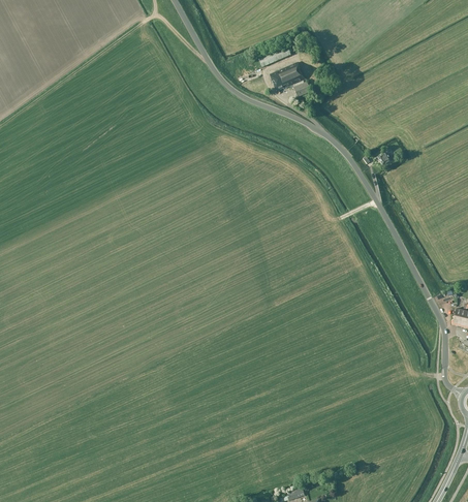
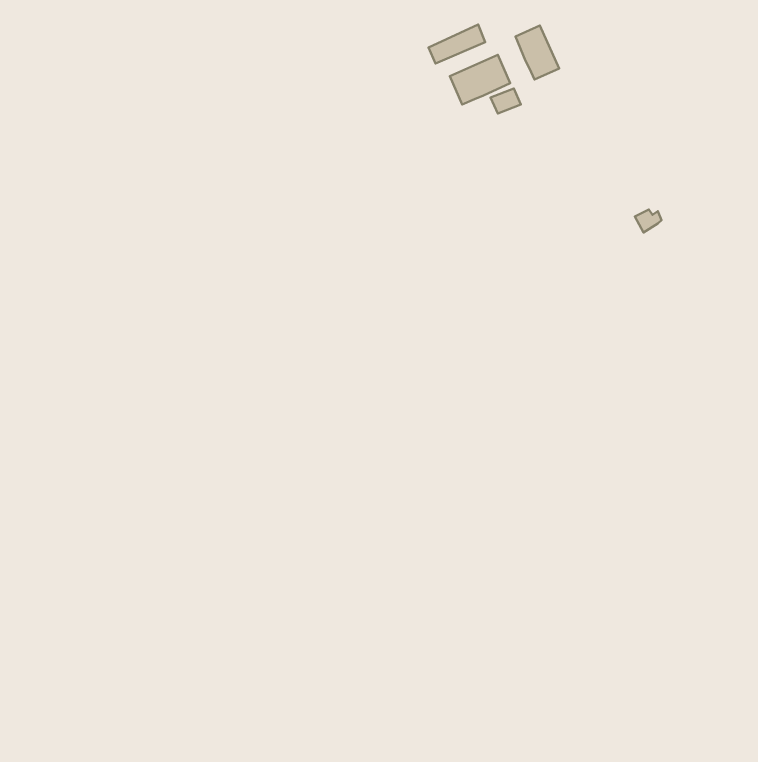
building: none -> [515,25,559,79]

